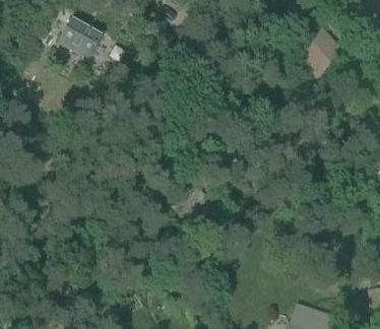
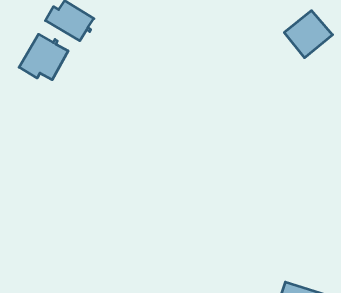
building: none -> [19,34,68,80]

